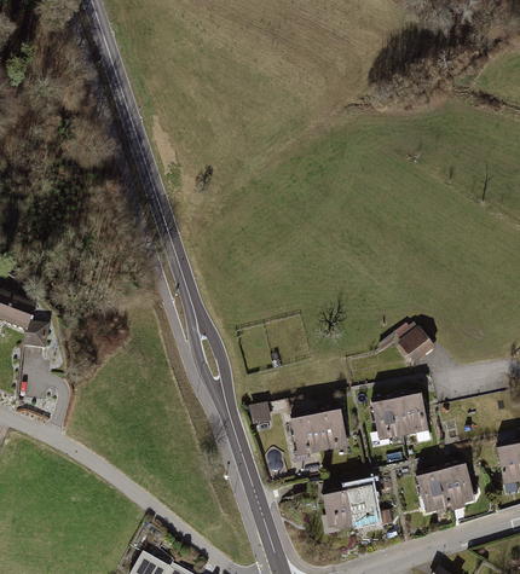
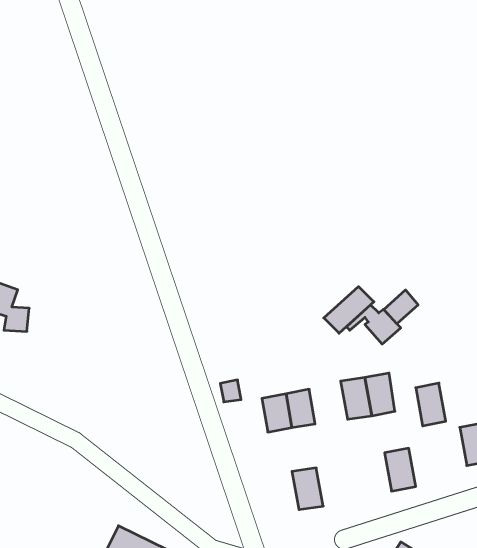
building: none -> [324,287,374,333]
building: none -> [384,290,418,324]
building: [444,464,475,509] -> [416,383,446,426]
building: [347,485,379,529] -> none

